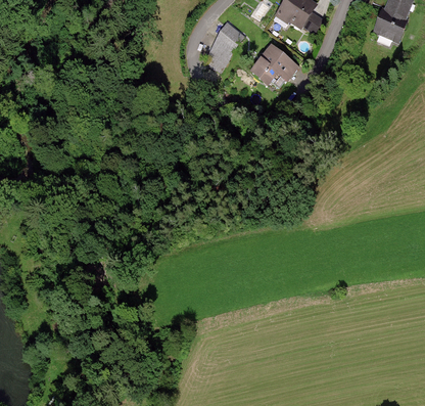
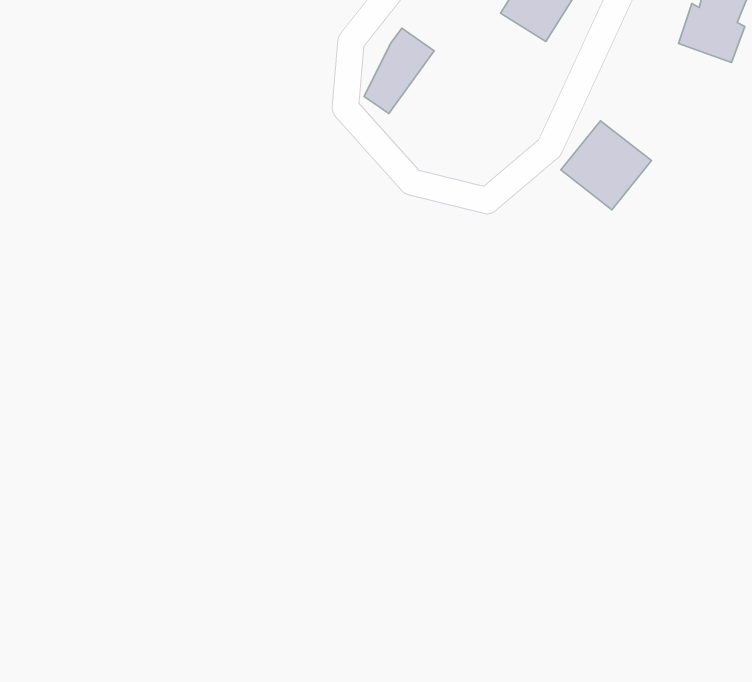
building: [251,44,300,92] -> [561,121,652,210]

